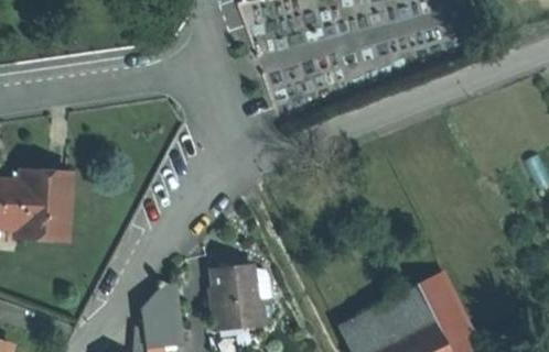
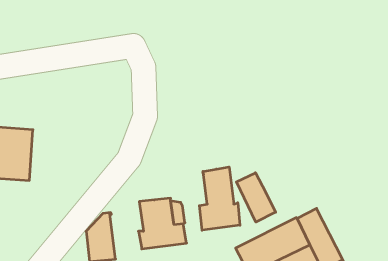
building: none -> [199,167,240,230]
building: none -> [236,173,276,222]

